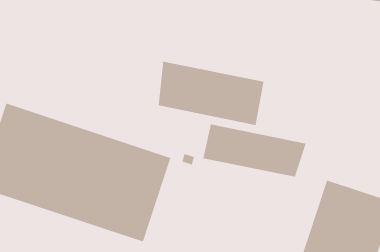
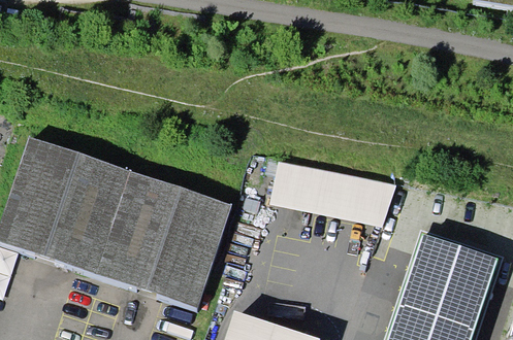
building: [158,61,264,126] -> none

